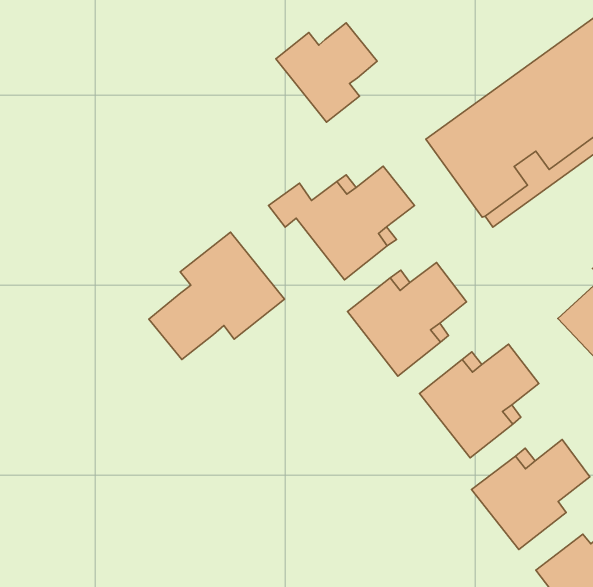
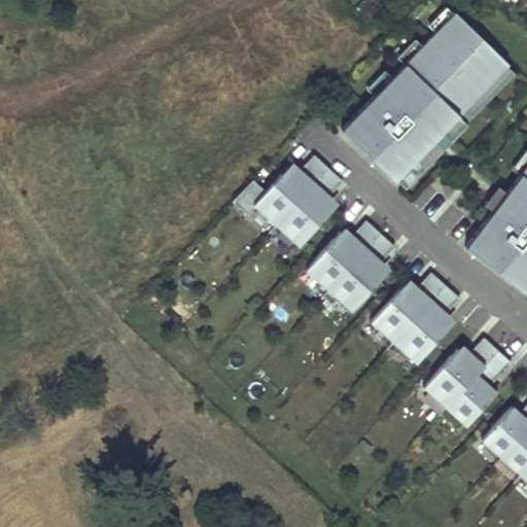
building: [276,23,377,122] -> none
building: [149,232,285,360] -> none

